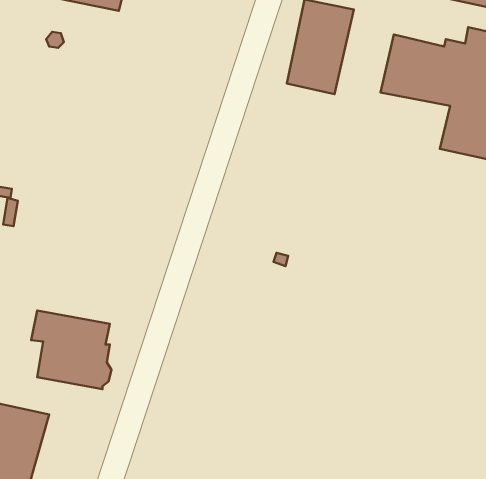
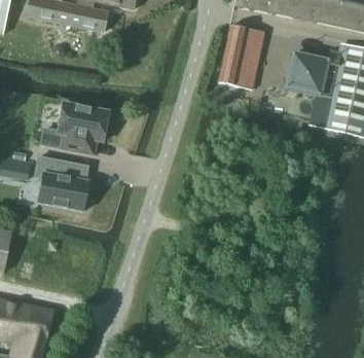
building: none -> [58,103,108,155]
building: [31,310,111,389] -> [34,157,89,212]

